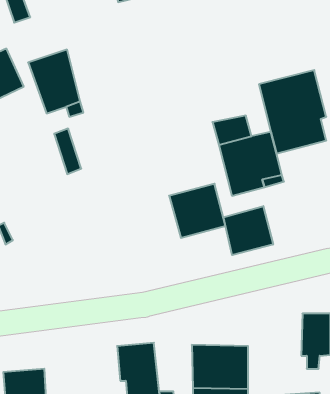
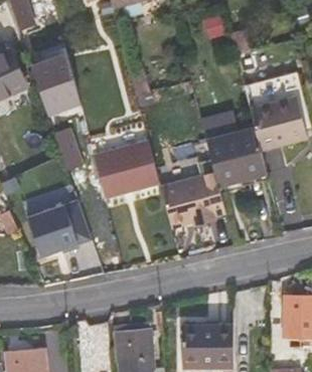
building: none -> [94,141,160,197]
building: [223,206,273,255] -> none
building: none -> [26,198,90,254]

